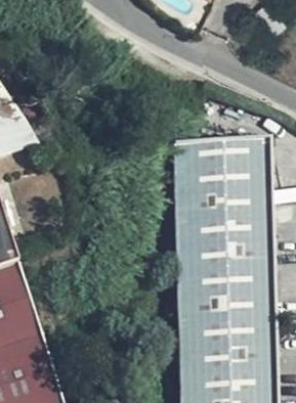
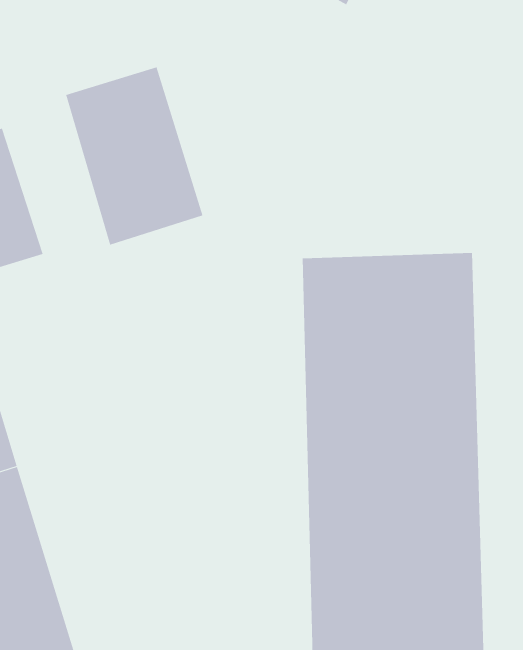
building: none -> [65,66,203,245]

